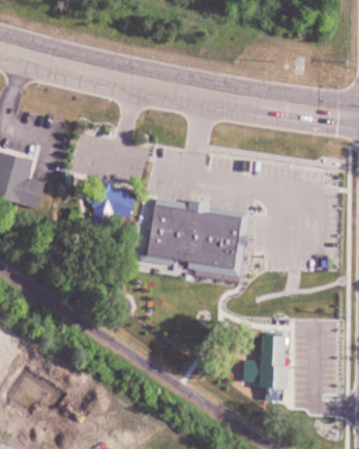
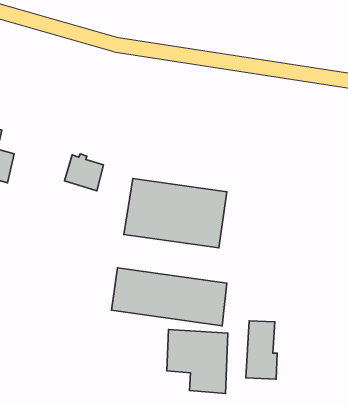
building: none -> [111,268,227,326]
building: none -> [167,330,228,393]

